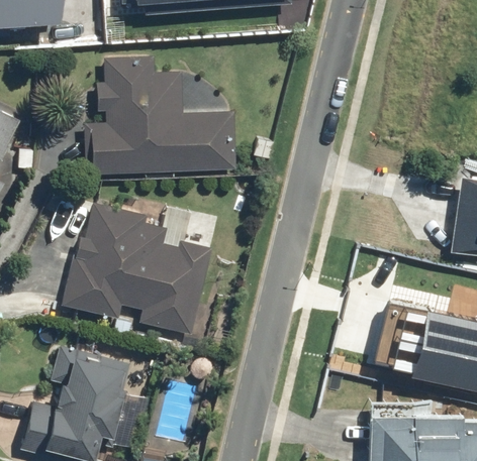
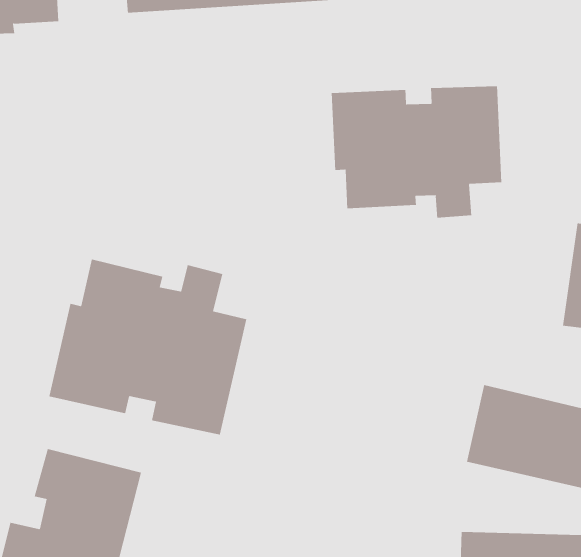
building: [82,54,237,177] -> none
building: none -> [331,85,502,218]

